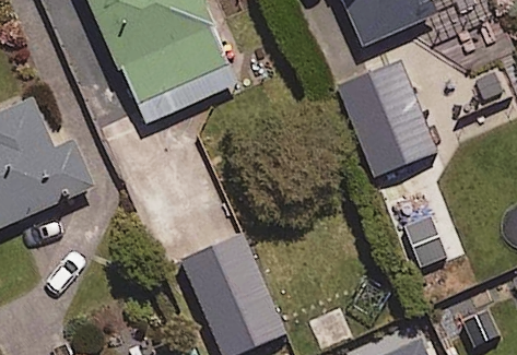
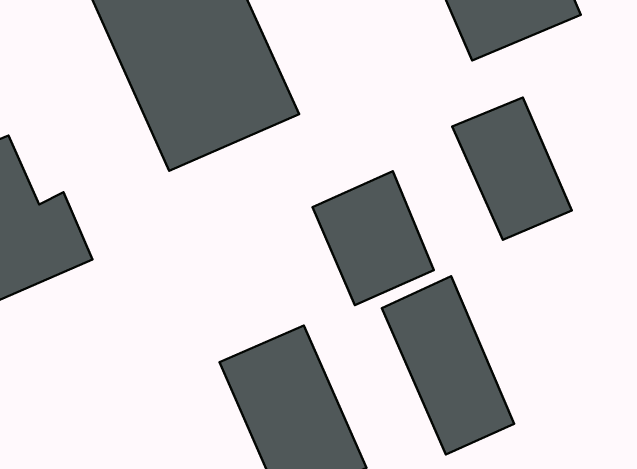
building: none -> [312,171,434,305]
building: none -> [382,276,514,454]

